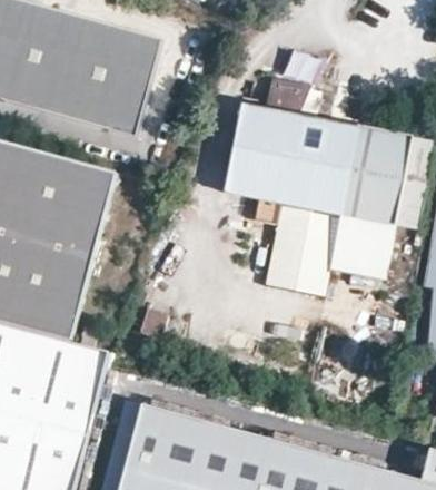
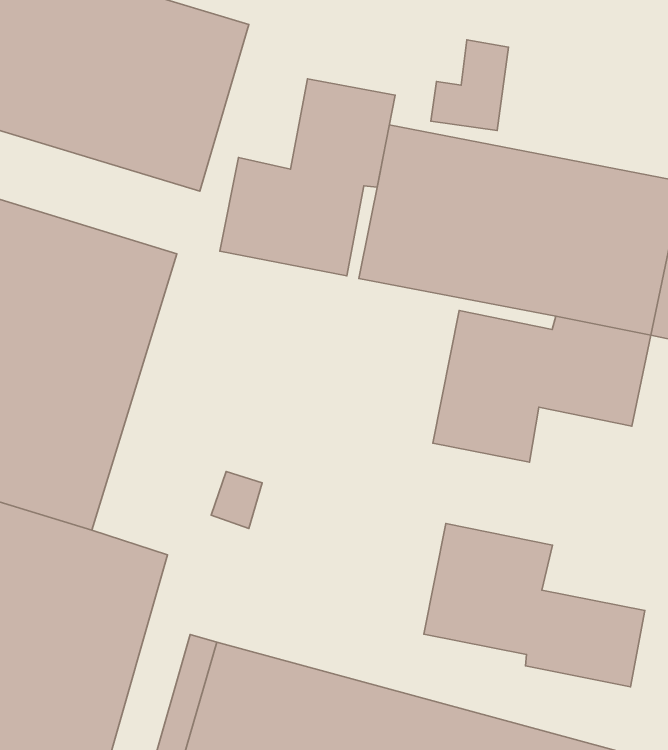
building: none -> [220,79,395,276]
building: none -> [424,523,645,687]

